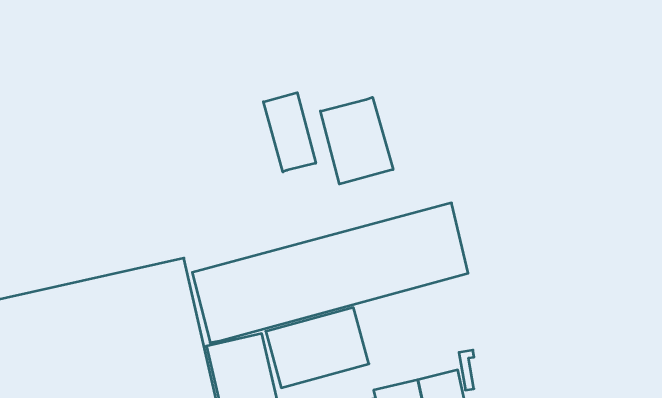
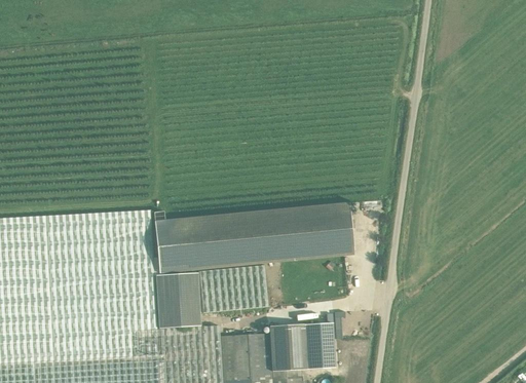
building: [263,93,316,172] -> none
building: [320,97,393,184] -> none

